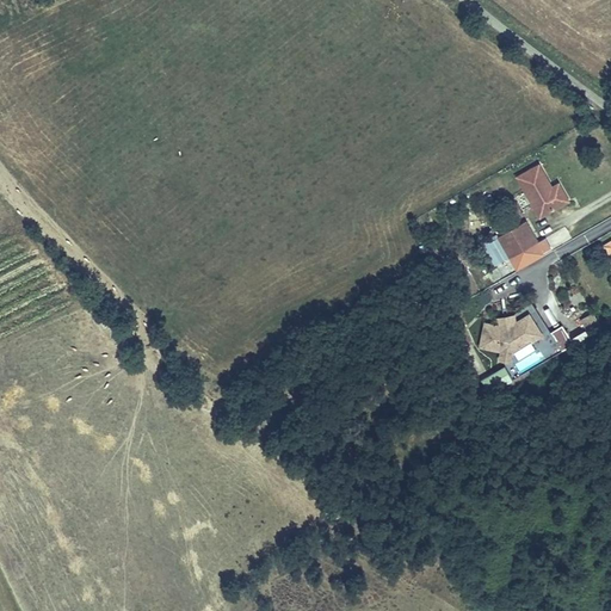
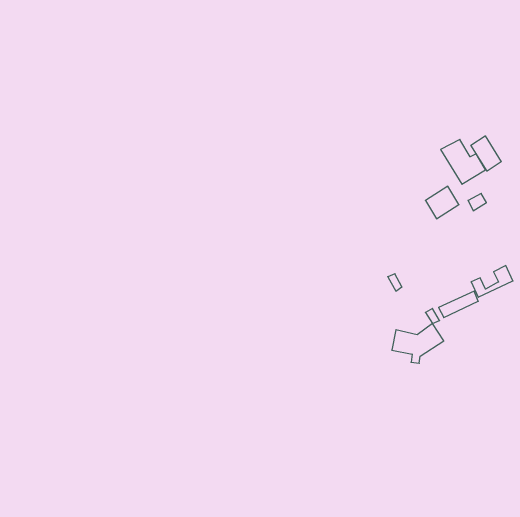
building: none -> [471,136,501,171]
building: [479,313,539,359] -> [392,324,444,363]

